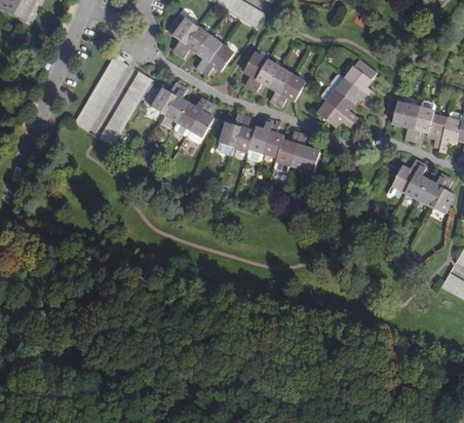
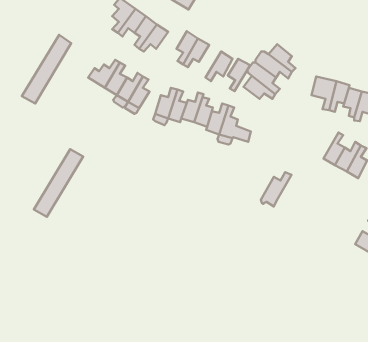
building: [268,67,293,103] -> [228,59,250,91]
building: [99,71,153,146] -> [34,149,83,217]
building: [388,160,422,198] -> [261,172,292,206]

